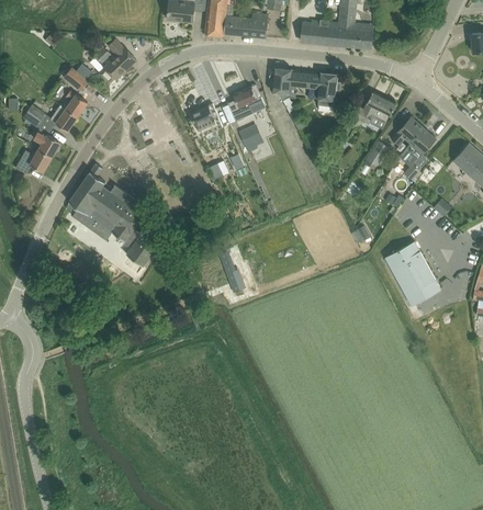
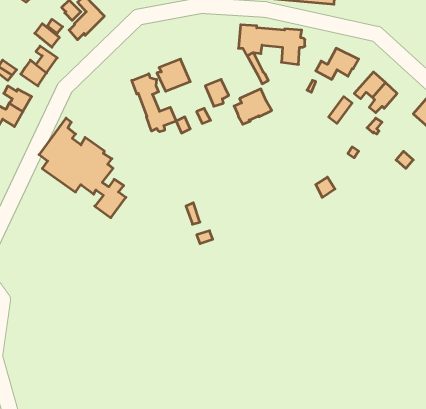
building: [227,84,266,121] -> [234,89,272,124]
building: none -> [132,74,176,132]
building: [384,240,440,305] -> none

